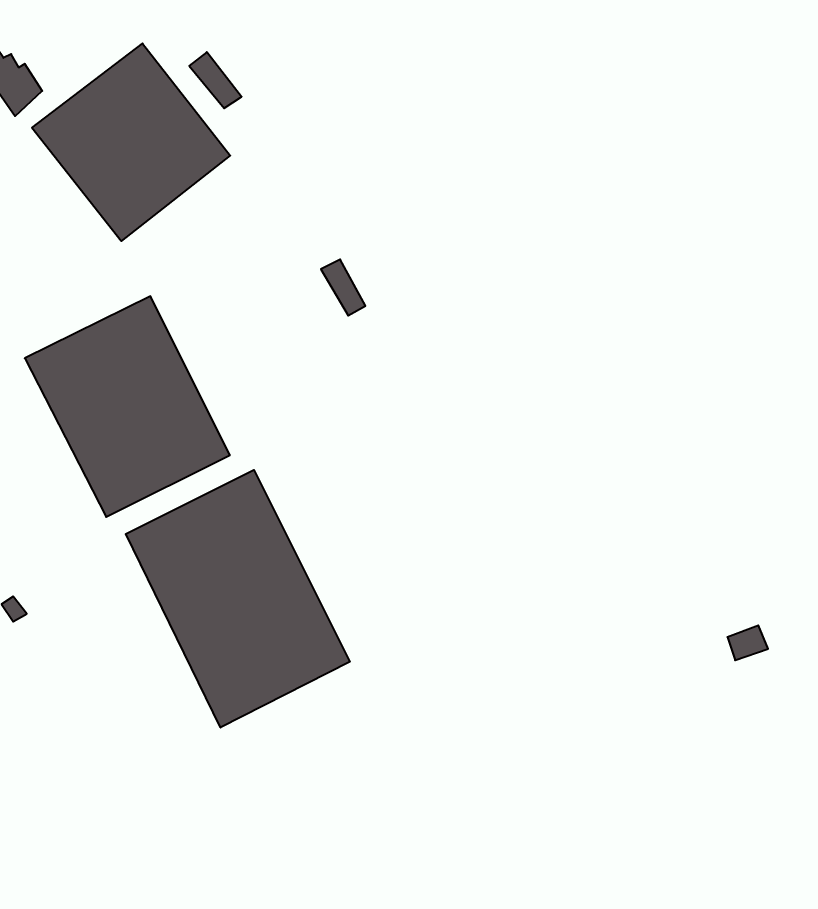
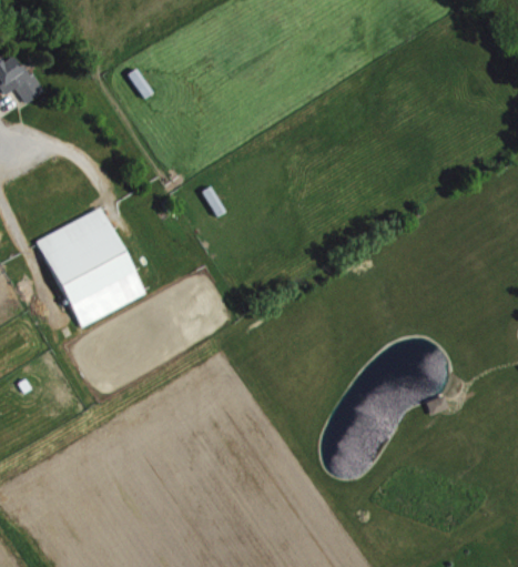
building: [32,43,230,241] -> none
building: [126,470,350,728] -> none

